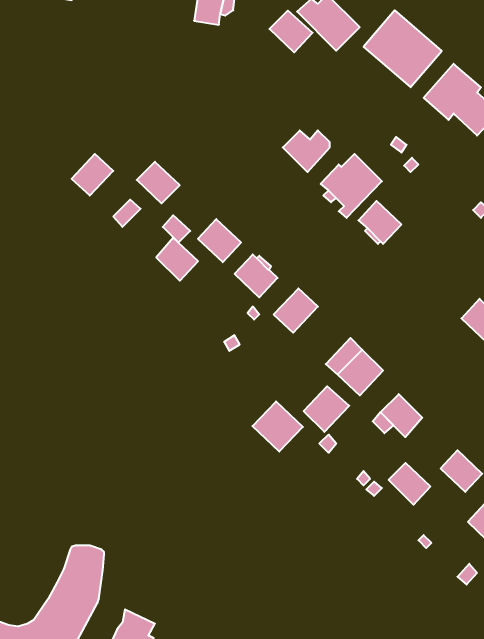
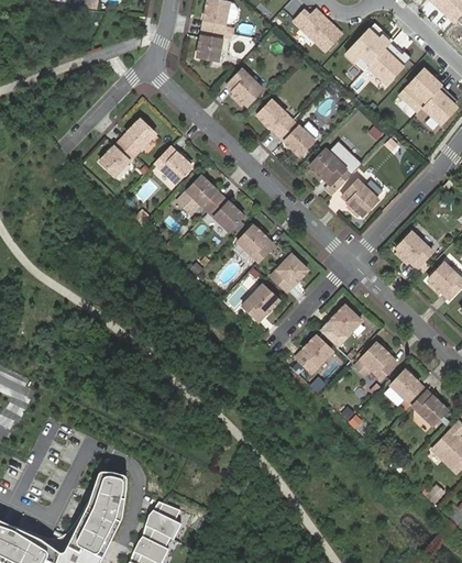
building: [269,11,313,52] -> [226,70,262,106]
building: none -> [197,29,229,62]
building: none -> [256,100,292,135]
building: none -> [119,120,154,155]
building: [156,238,198,281] -> [186,176,221,212]
building: none -> [397,234,433,269]
building: none -> [241,285,277,321]
building: [252,401,303,452] -> none
building: [389,463,430,505] -> [389,371,425,406]
building: none -> [144,501,180,539]

